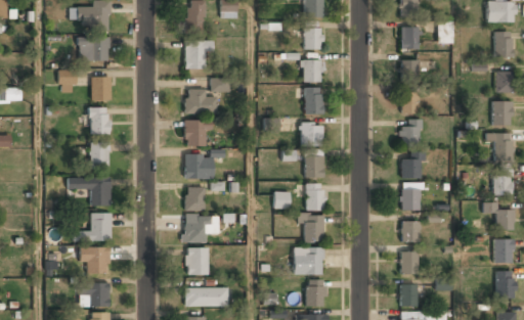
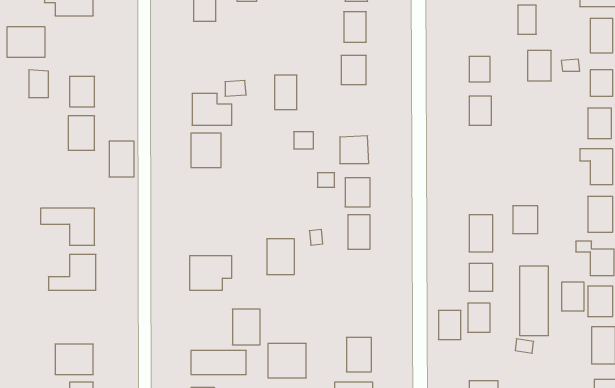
building: [401,27,420,50] -> [528,51,551,81]
building: [79,37,108,60] -> [7,27,45,57]
building: [185,40,210,70] -> none
building: [305,87,322,113] -> [275,75,297,109]
building: [400,119,421,144] -> none
building: [90,142,110,170] -> [109,141,134,177]
building: [185,153,213,178] -> none
building: [401,156,421,178] -> [513,206,538,234]
building: [186,186,205,210] -> none
building: [303,215,324,242] -> [267,239,294,274]
building: none -> [520,266,548,336]
building: none -> [562,282,584,311]
building: [294,246,323,273] -> [268,344,306,378]
building: [80,247,108,273] -> none
building: [187,247,209,275] -> [232,309,260,345]
building: [400,284,418,307] -> [438,310,461,339]

